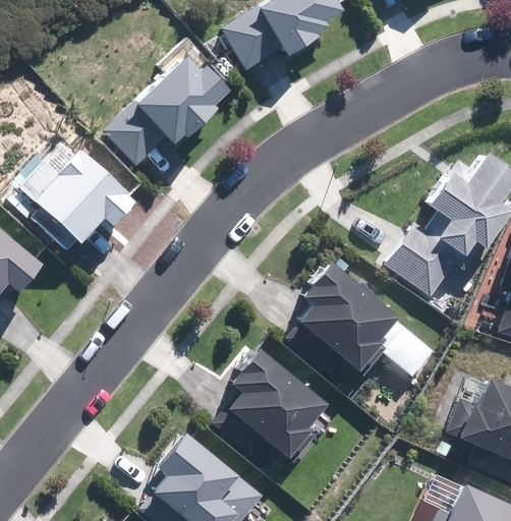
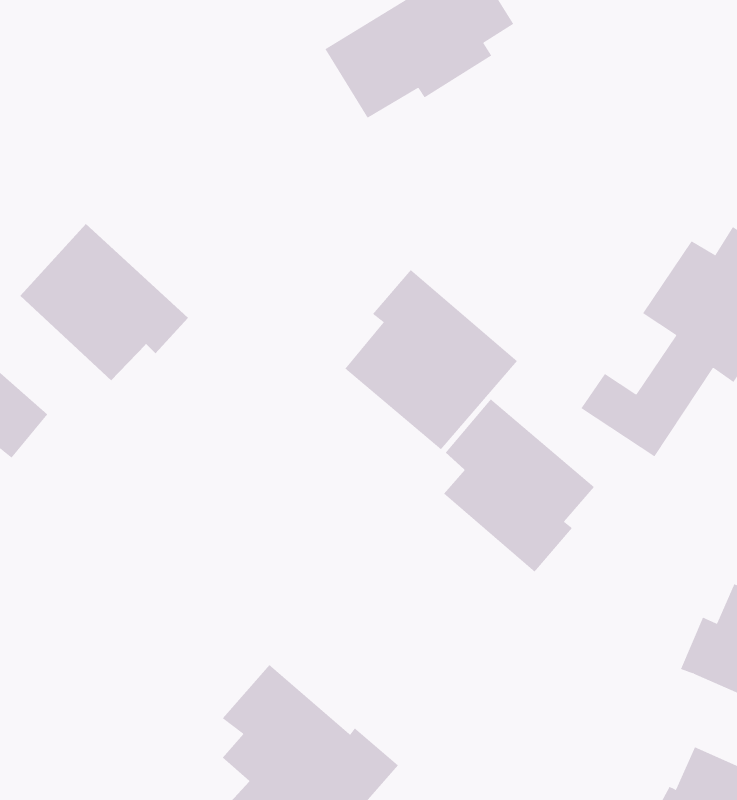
building: [107,62,225,170] -> none
building: none -> [344,269,518,450]
building: [226,344,323,455] -> none

